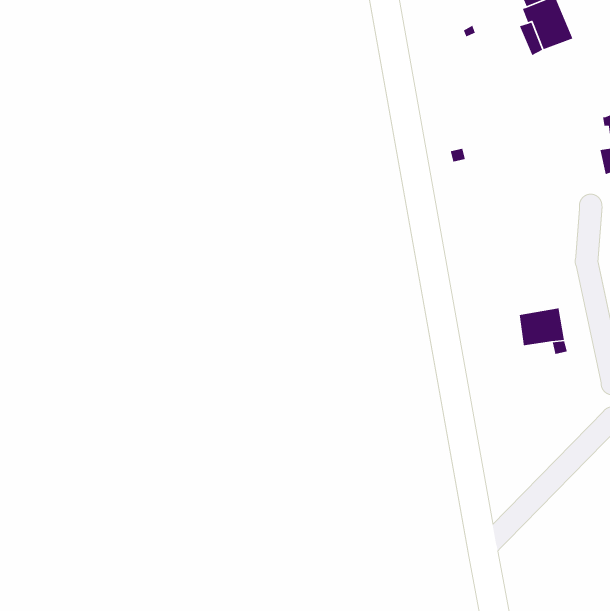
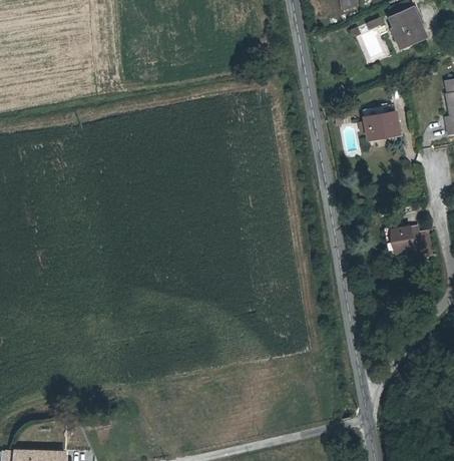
building: none -> [364,106,400,139]

